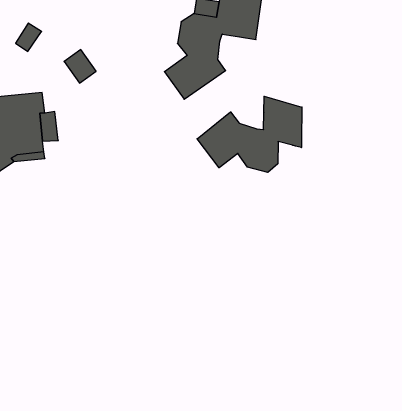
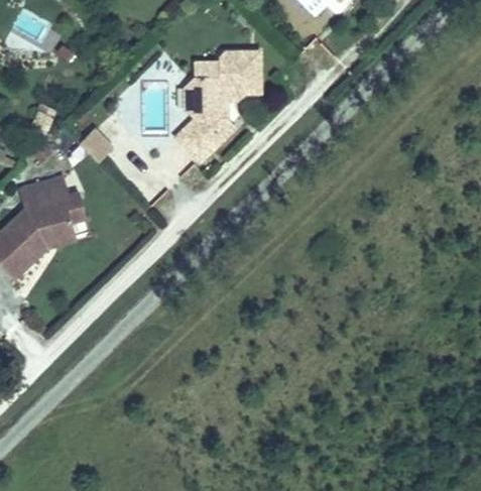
building: [197,96,302,172] -> none

